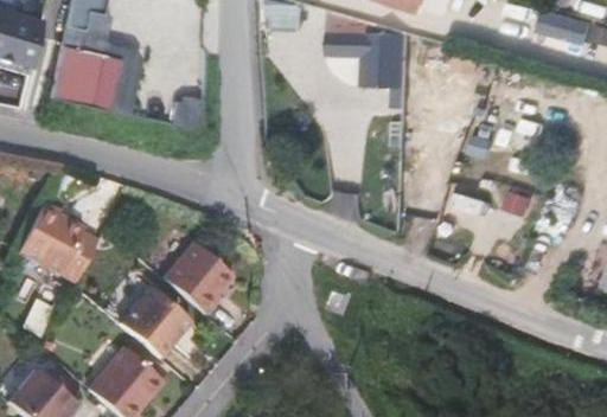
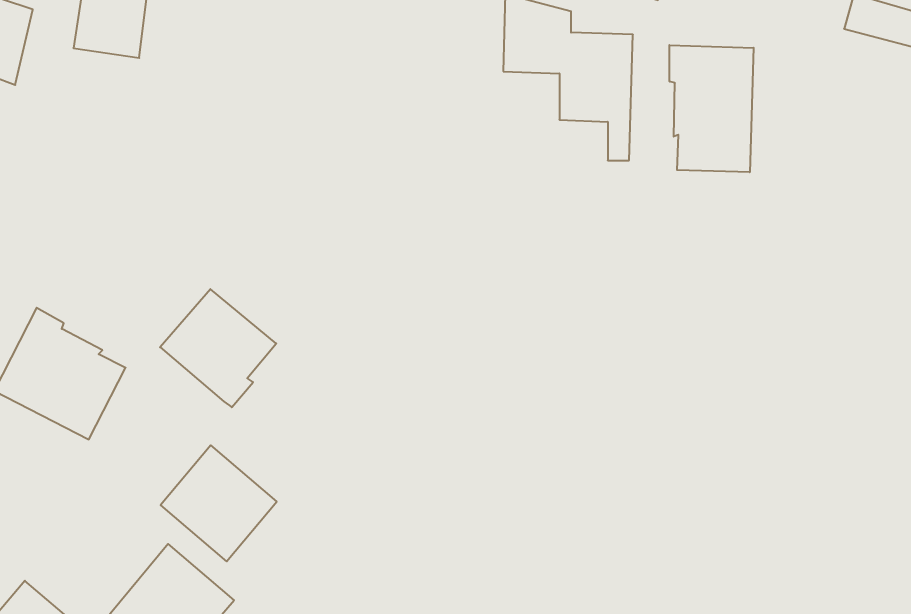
building: none -> [669,45,754,172]
building: [62,46,120,109] -> none
building: [162,242,234,314] -> [160,289,276,407]

